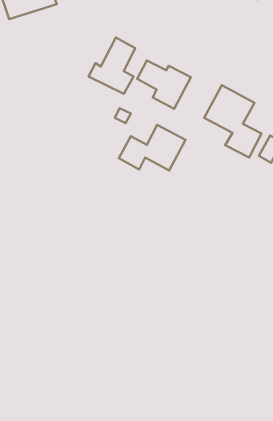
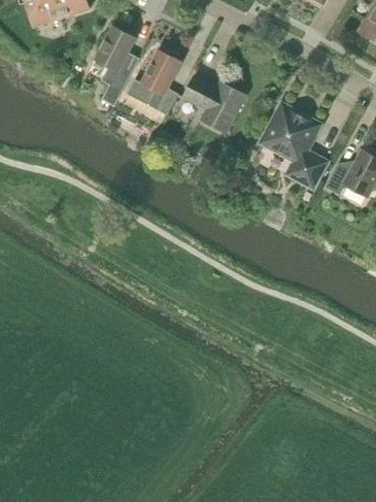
building: none -> [94,26,137,105]
building: [119,125,185,171] -> none

